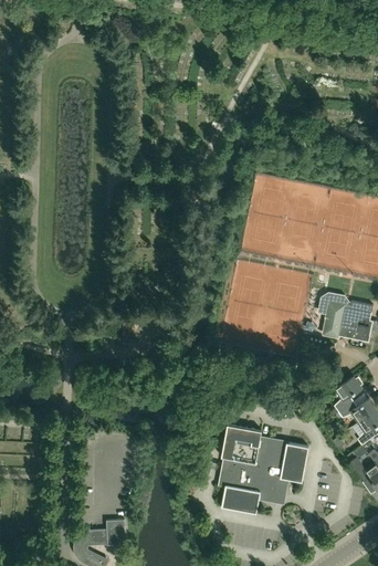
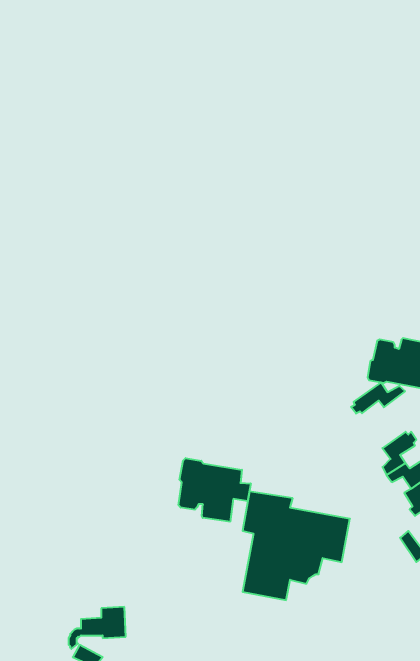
building: none -> [351,382,405,414]
building: none -> [178,458,251,522]

